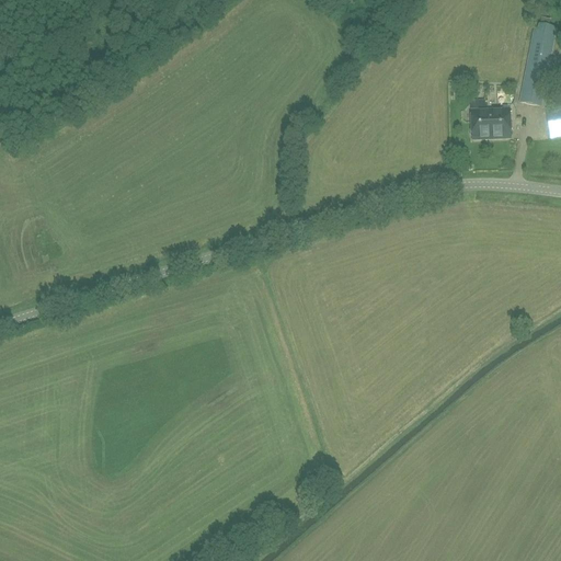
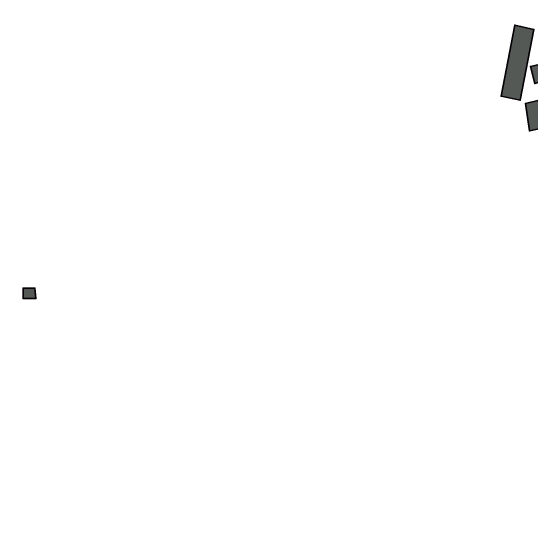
building: [472,106,512,137] -> none

